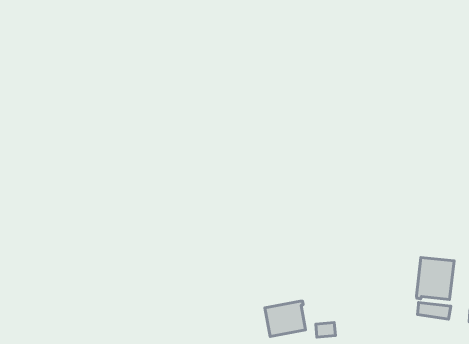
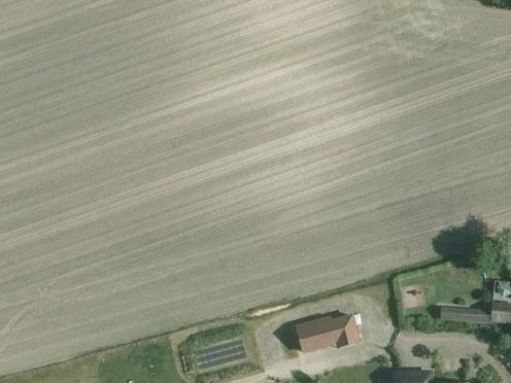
building: [416,257,454,300] -> none

